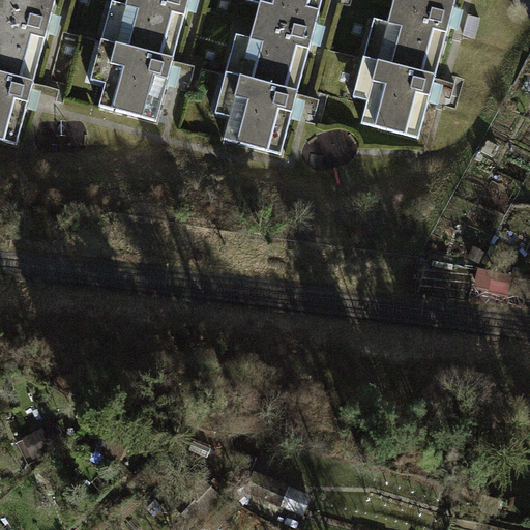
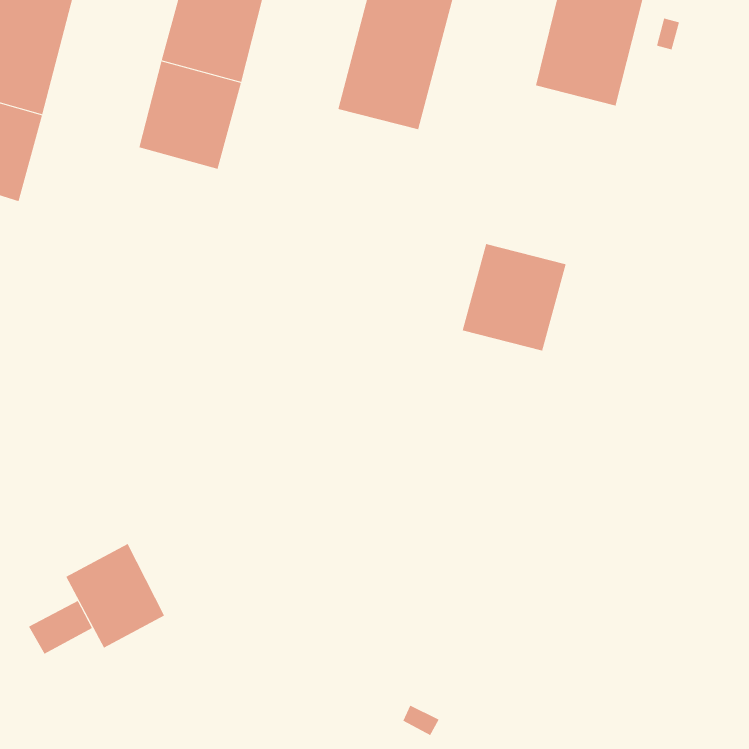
building: [359,60,433,136] -> [462,243,566,351]
building: [220,77,294,152] -> none
building: none -> [66,543,165,649]

